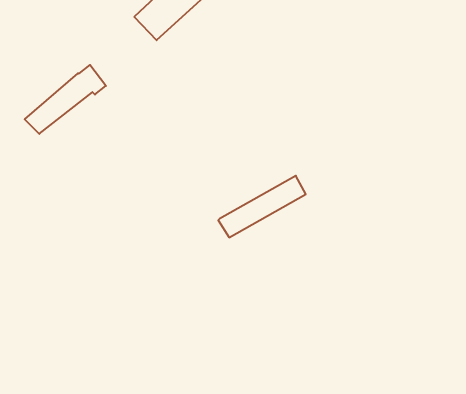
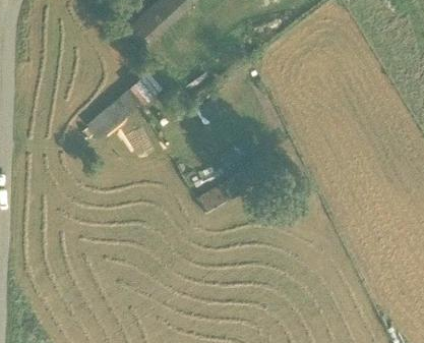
building: [25,65,106,134] -> [86,78,154,135]

